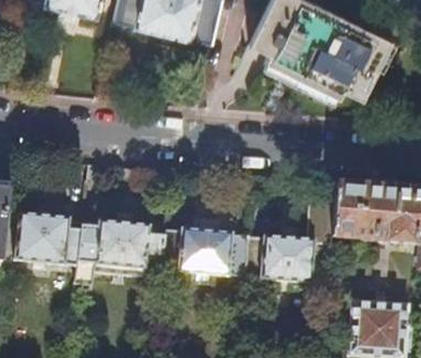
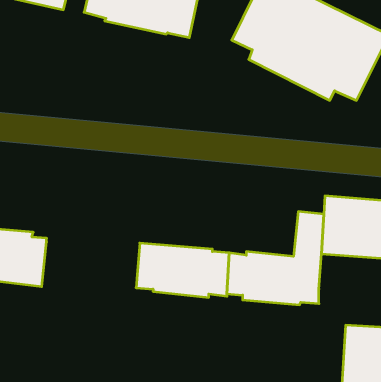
building: [76,220,166,285] -> none

